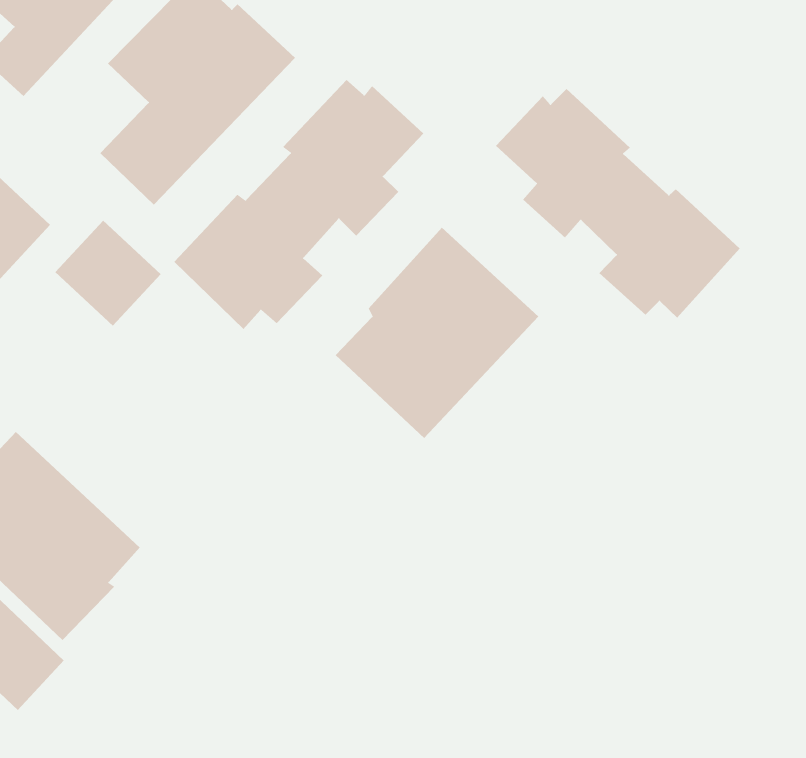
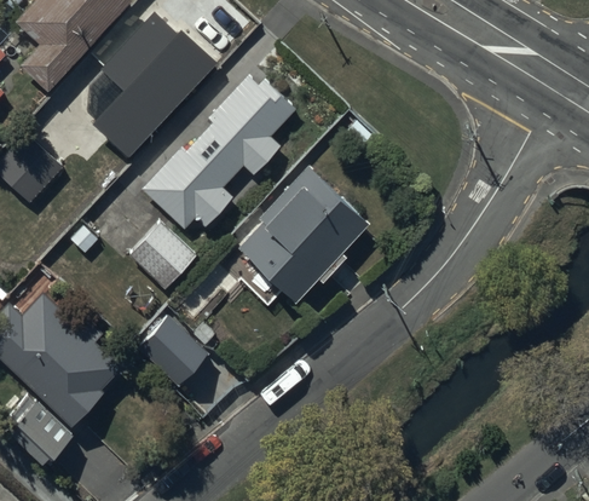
building: [495,88,740,319] -> none
building: [54,220,161,327] -> [129,223,196,289]
building: none -> [138,317,208,386]

